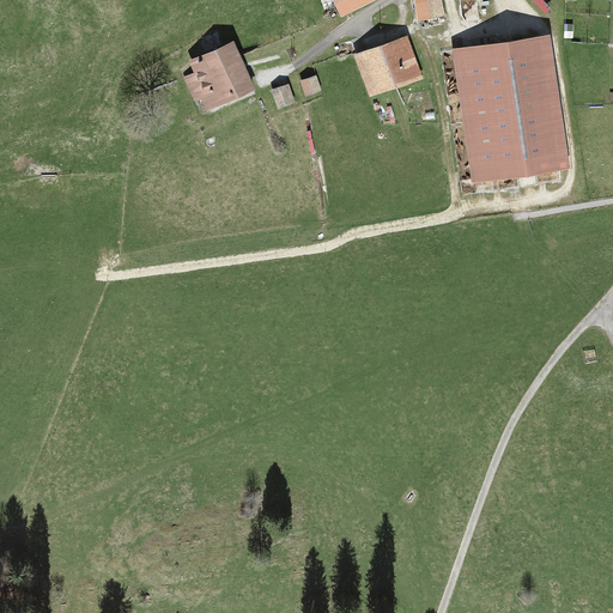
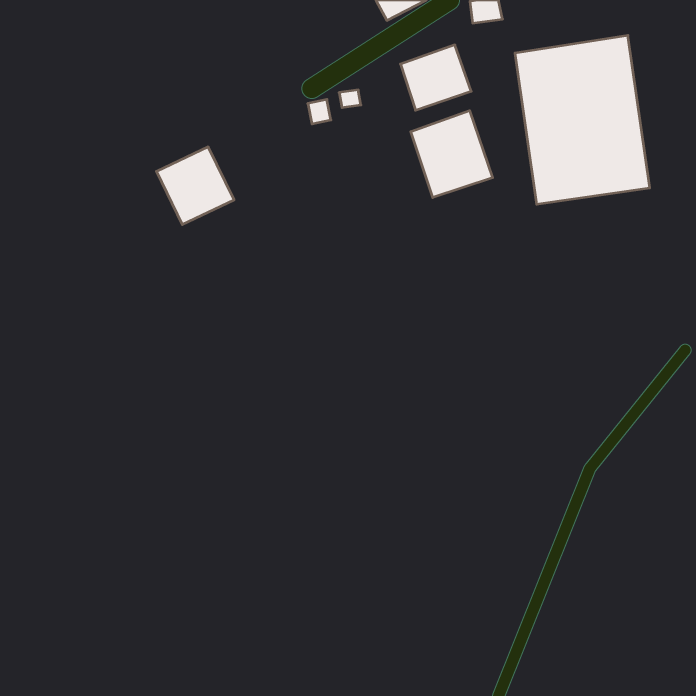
building: [186,42,254,110] -> [156,147,234,225]
building: none -> [411,111,493,198]

